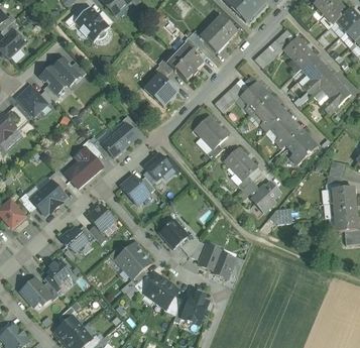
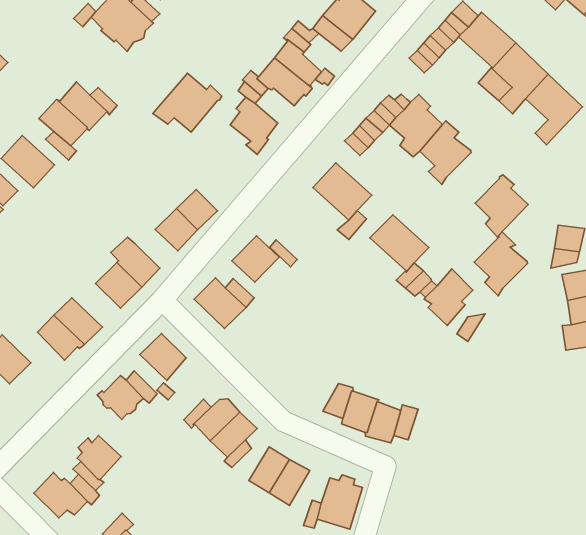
building: none -> [153,73,222,132]
building: [270,112,301,148] -> [474,232,527,296]
building: [158,219,189,249] -> none

